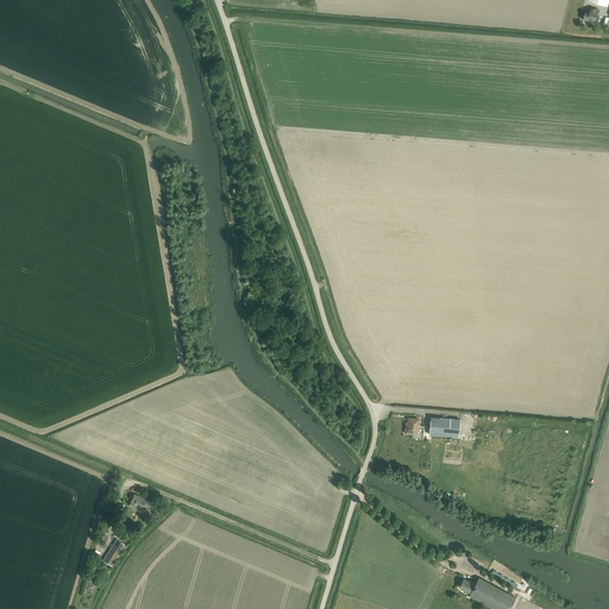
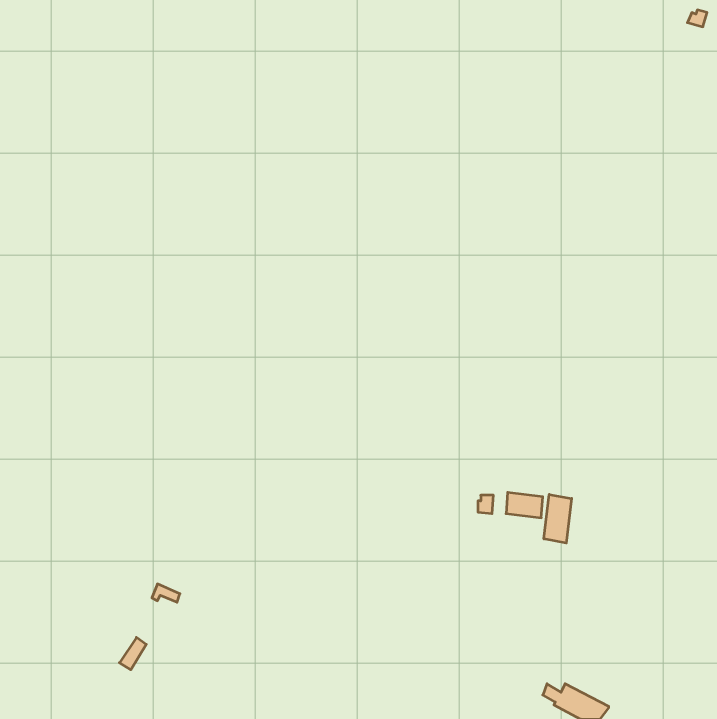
building: none -> [544,494,572,543]

